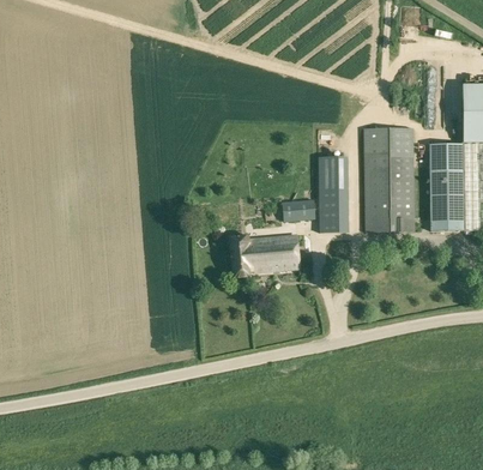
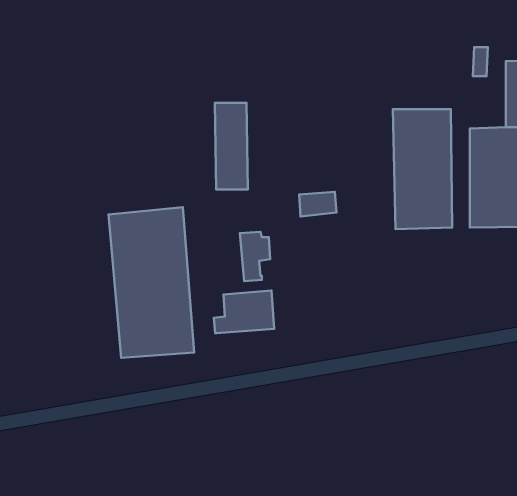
building: [319,155,348,230] -> [215,103,248,189]
building: none -> [109,207,194,358]
building: [247,235,300,272] -> [214,290,274,333]

